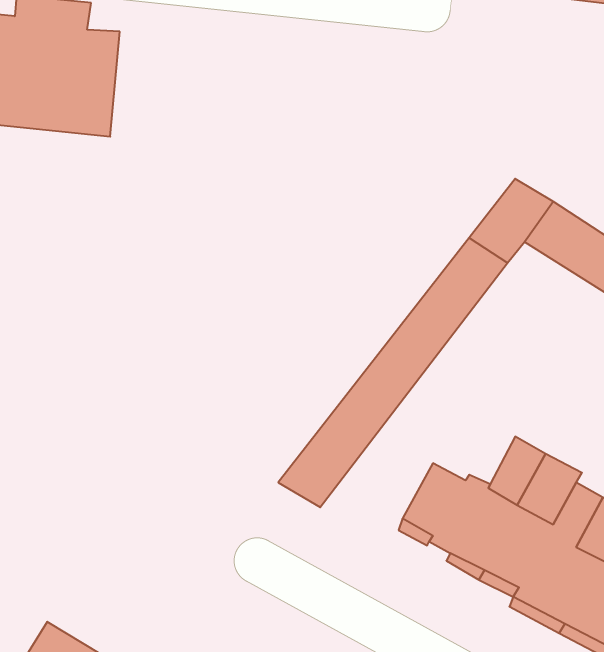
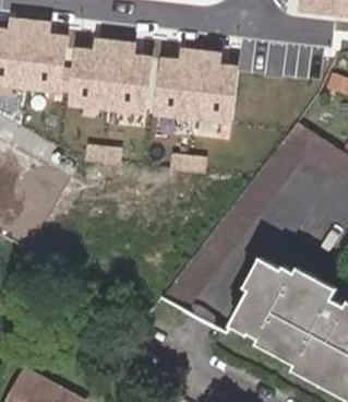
building: none -> [65,37,154,118]
building: none -> [153,48,241,128]
building: none -> [248,256,295,295]

